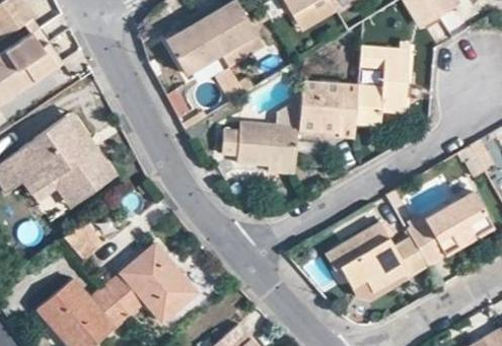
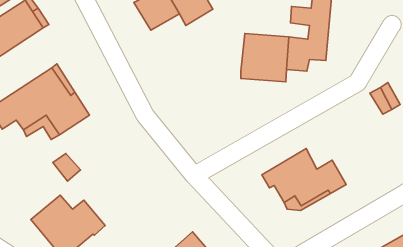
building: [223,120,299,172] -> none
building: [408,189,495,265] -> none
building: [104,241,198,323] -> none

